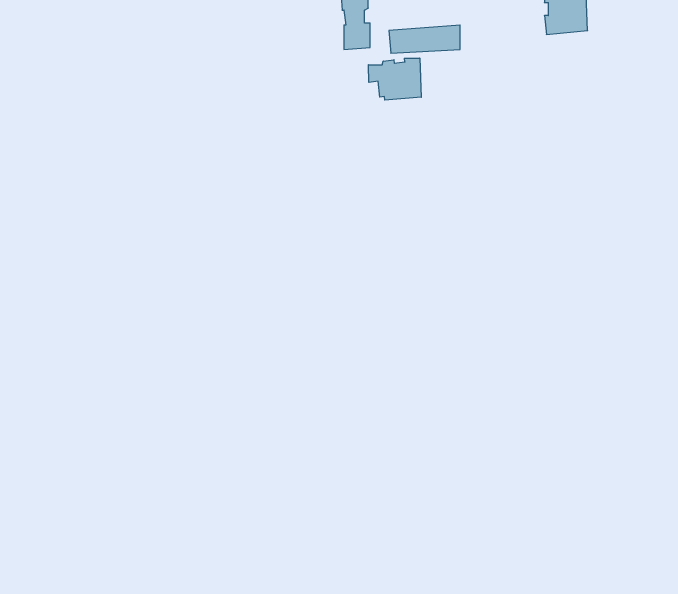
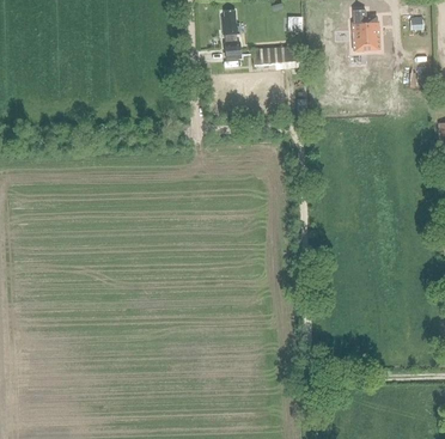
building: [368,58,421,100] -> none

